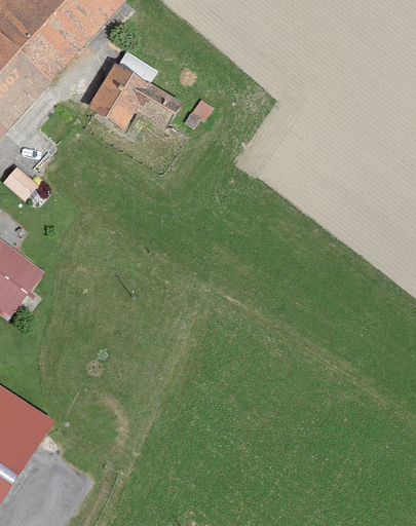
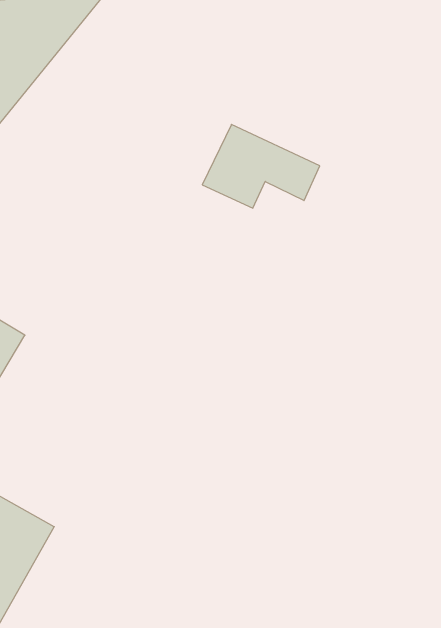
building: [85,63,180,130] -> [202,124,320,208]

